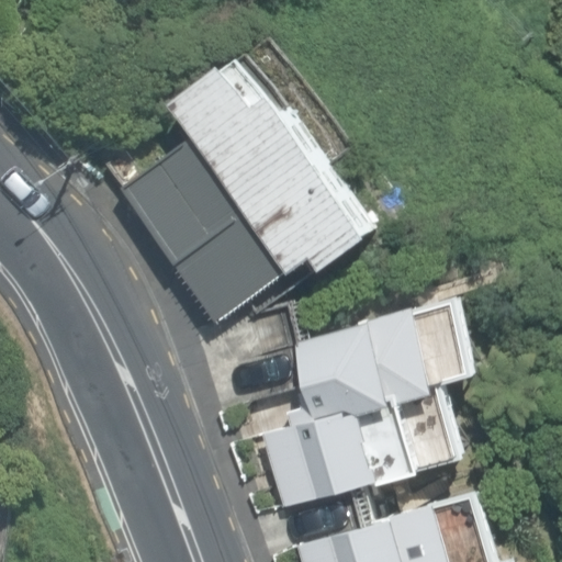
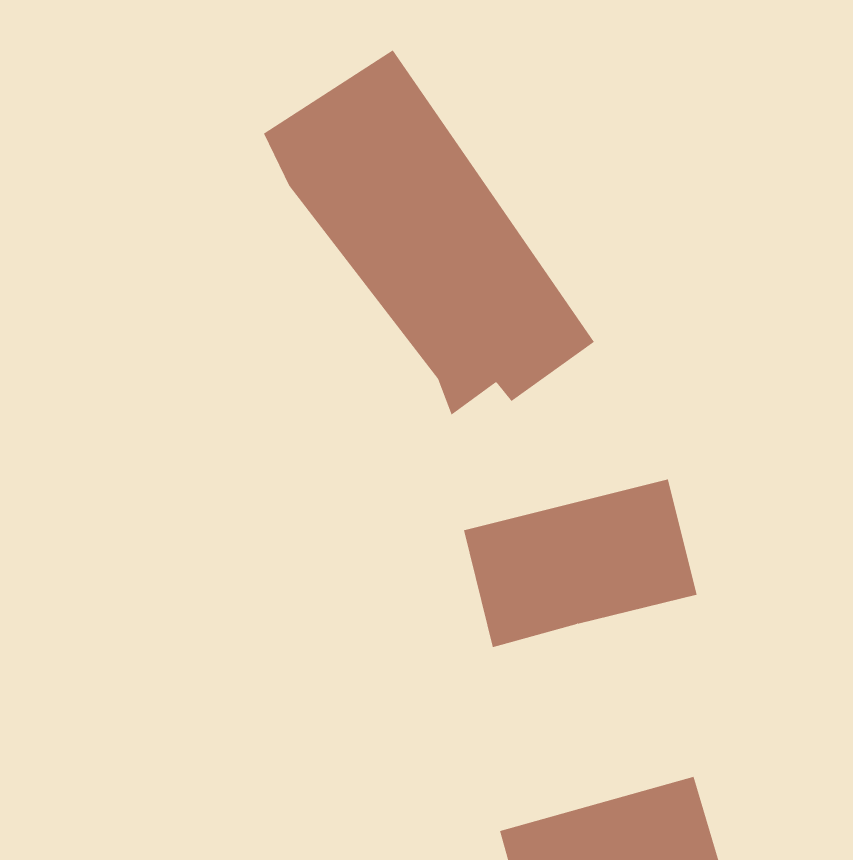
building: [112,128,281,308] -> none
building: [265,409,390,508] -> none

